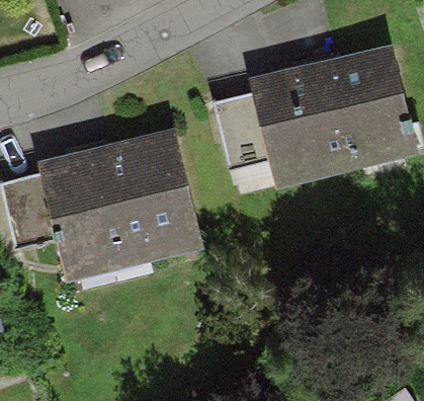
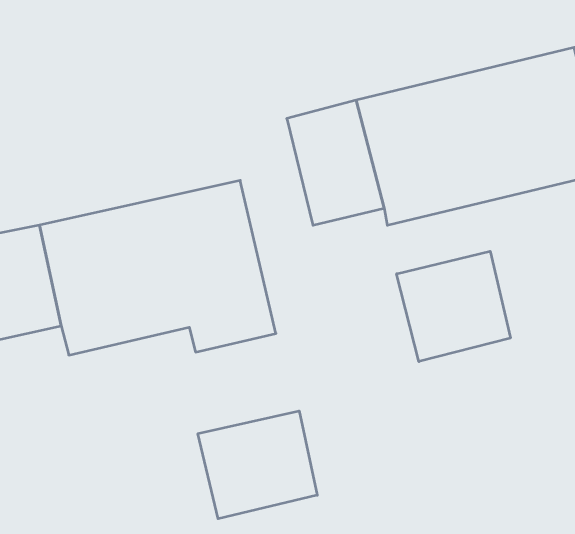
building: none -> [397,251,510,362]
building: none -> [198,411,317,519]

